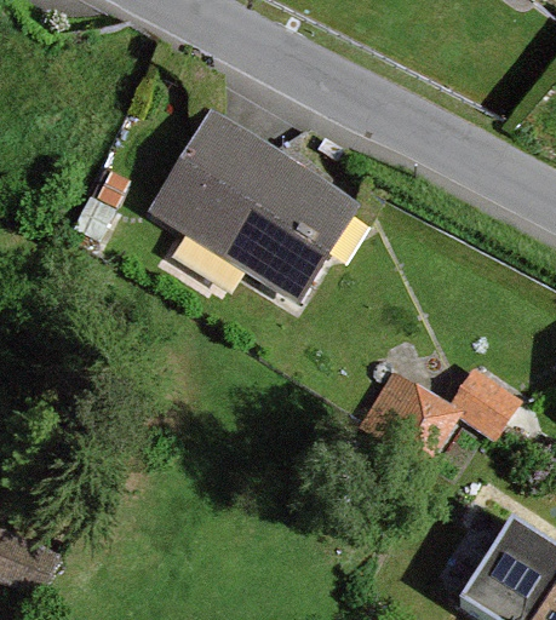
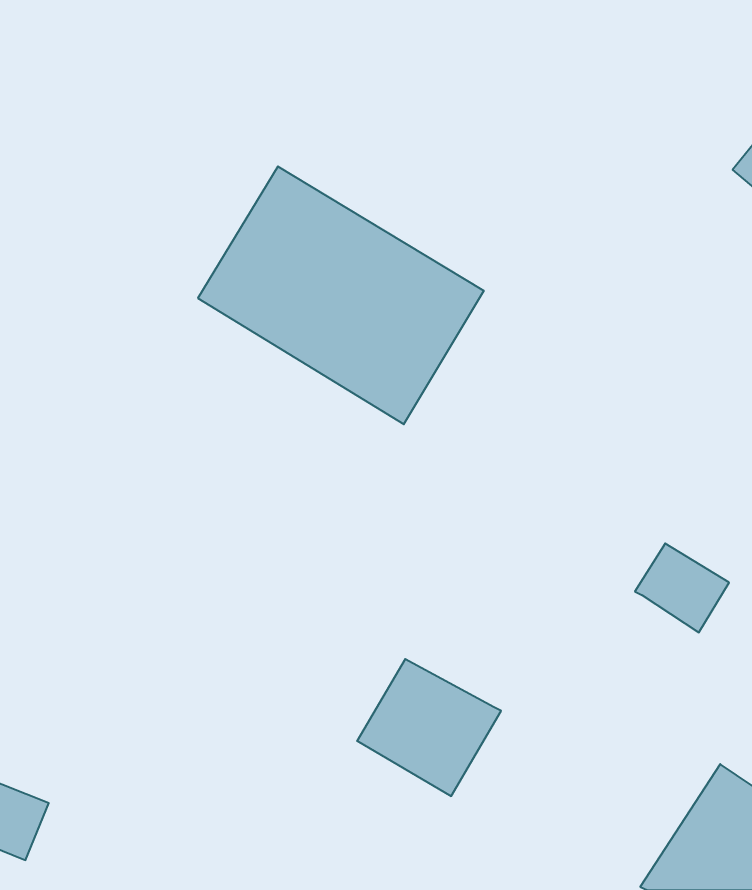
building: [360,372,458,465] -> [357,659,501,796]

